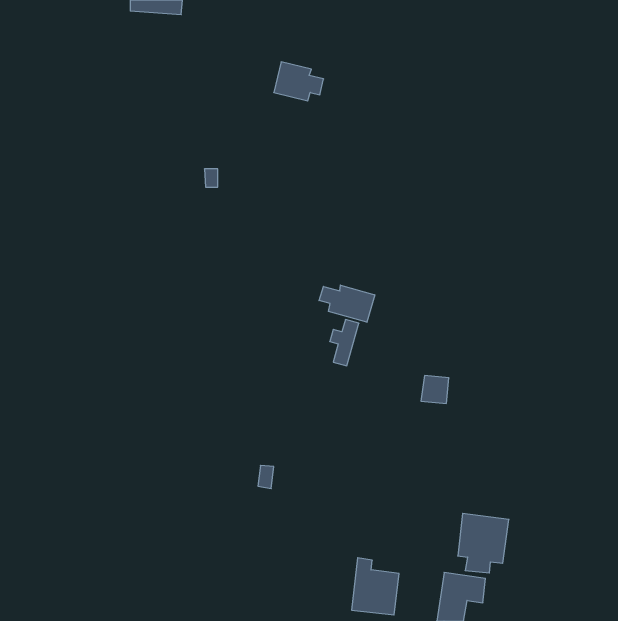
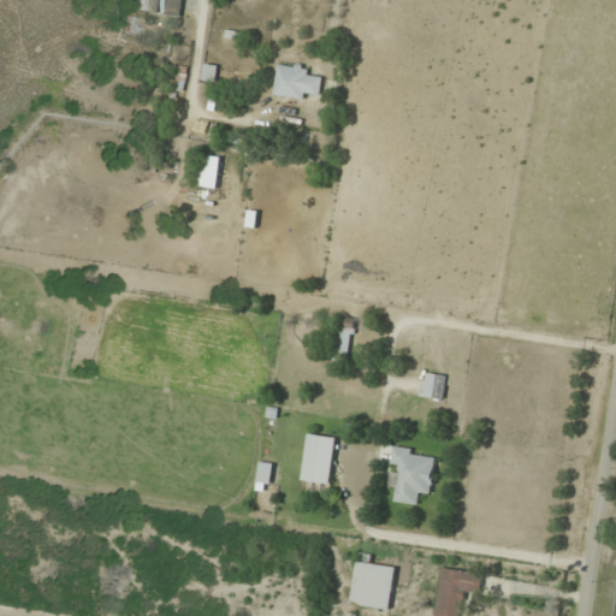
building: [319,285,375,322] -> none
building: none -> [300,433,334,484]
building: [458,513,509,573] -> [385,445,436,504]

